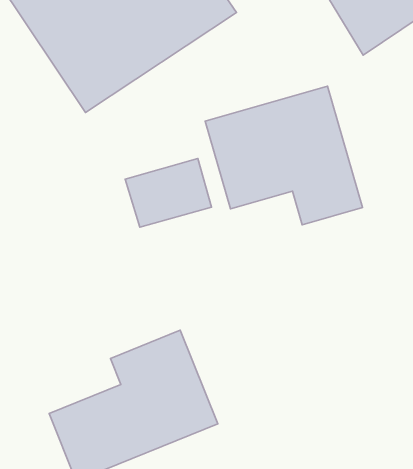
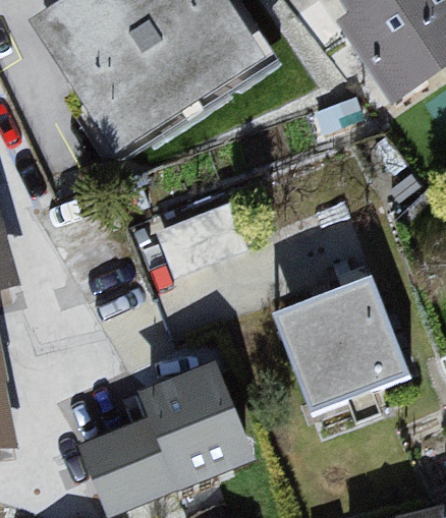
building: [205,86,362,225] -> none
building: none -> [271,283,405,416]

